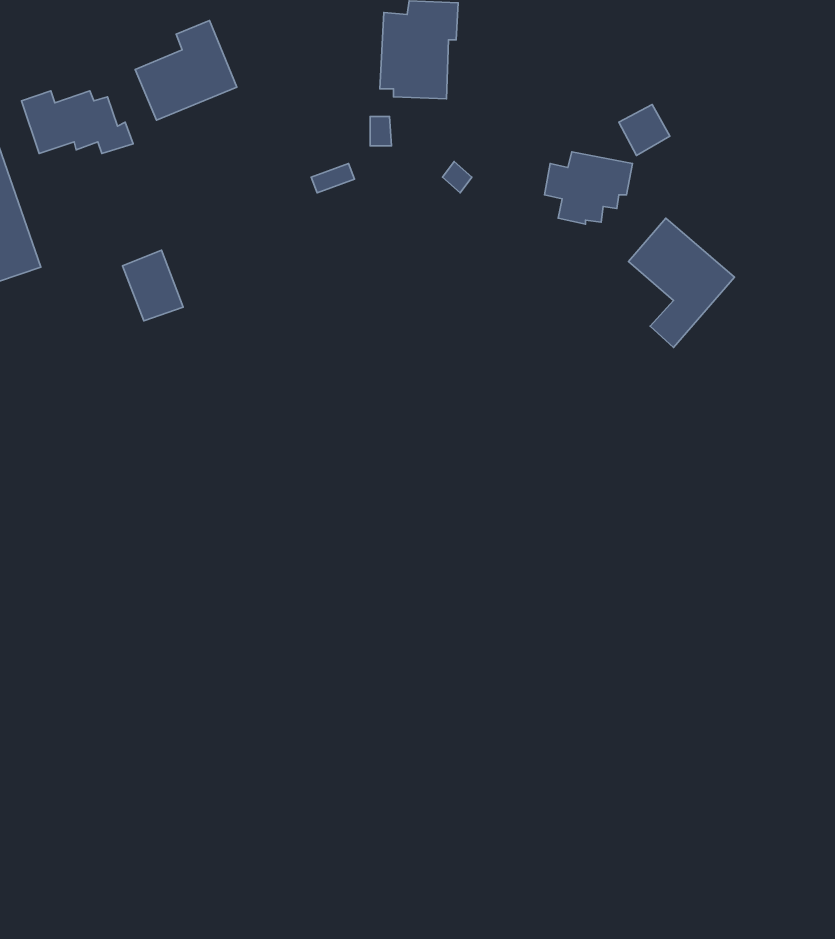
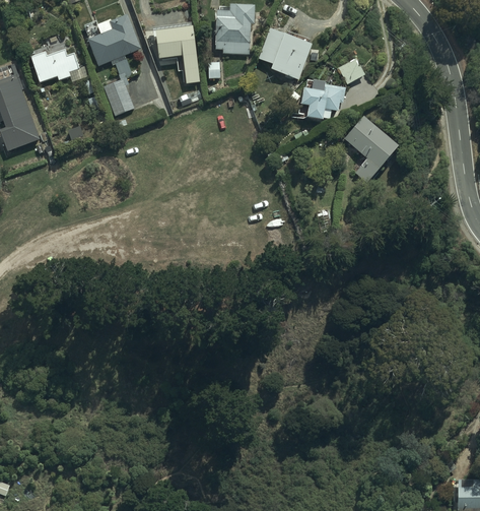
building: none -> [152,22,201,85]
building: none -> [259,27,312,79]
building: [122,250,183,321] -> [104,78,135,115]

